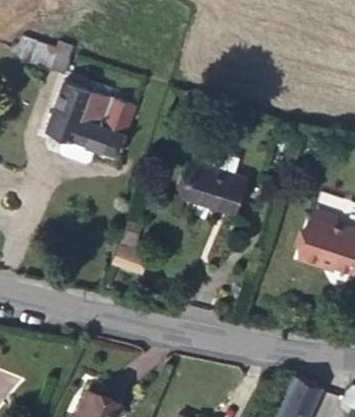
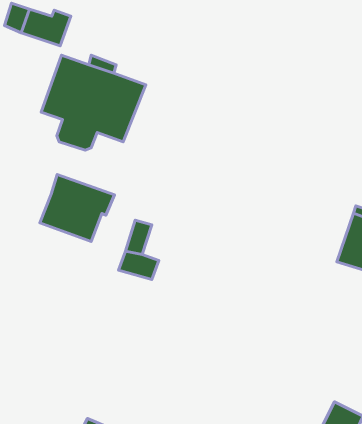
building: [181,151,245,214] -> none
building: none -> [40,174,114,242]

